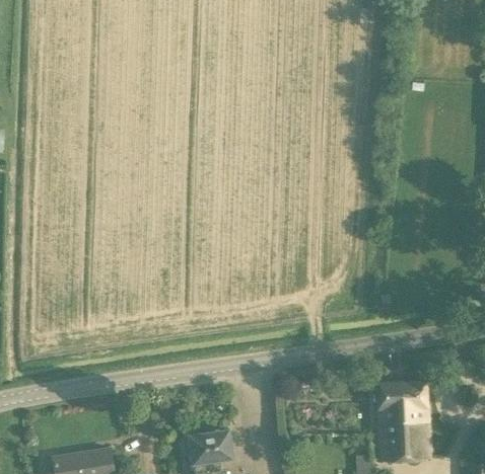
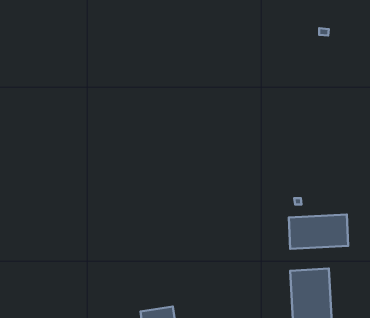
building: none -> [289,214,348,249]

